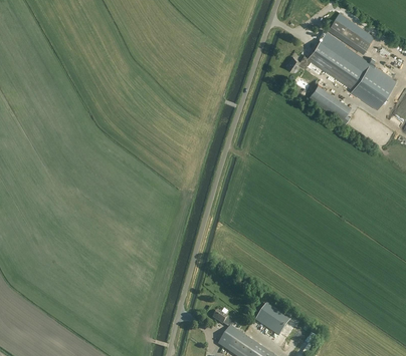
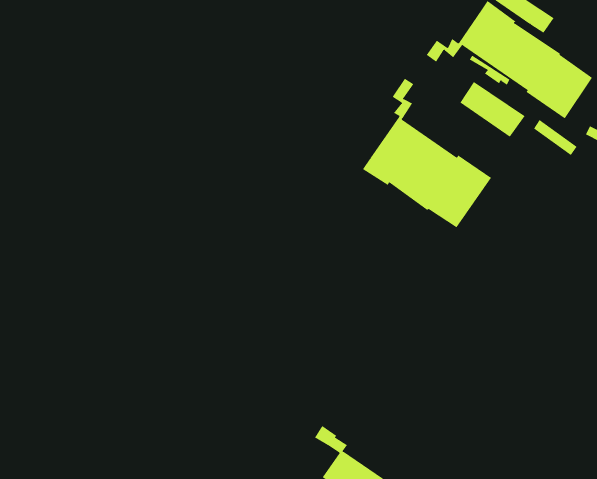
building: none -> [362,78,492,228]
building: [262,304,296,335] -> none

